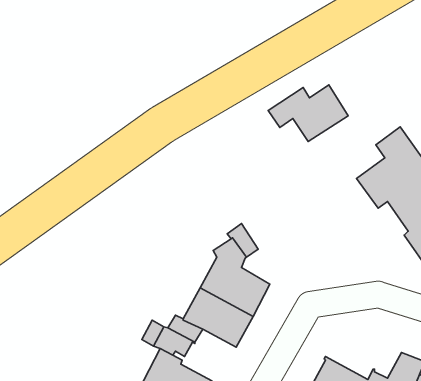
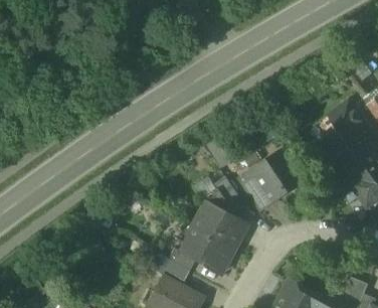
building: [268,85,348,142] -> [241,158,304,202]

